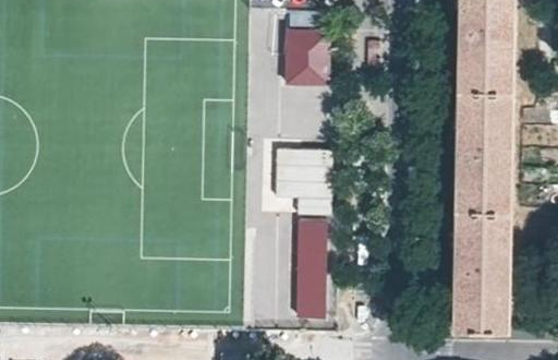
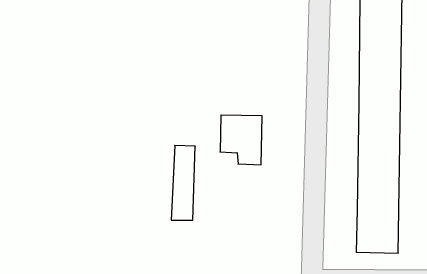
building: [286,34,330,89] -> none
building: [296,225,327,320] -> [171,145,195,220]

